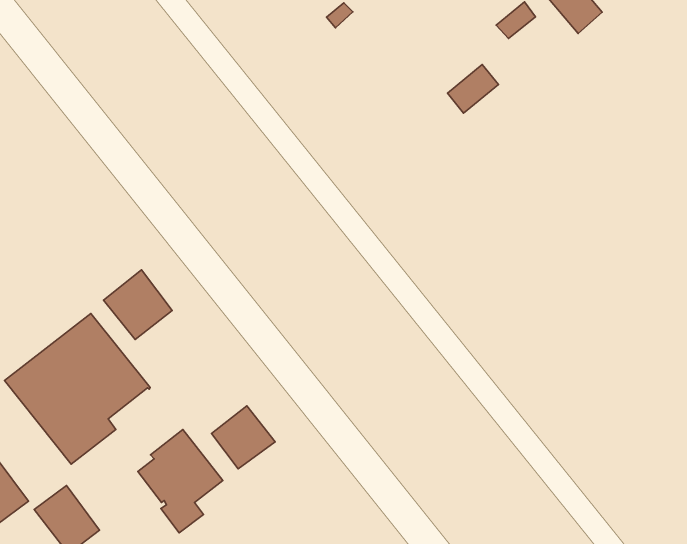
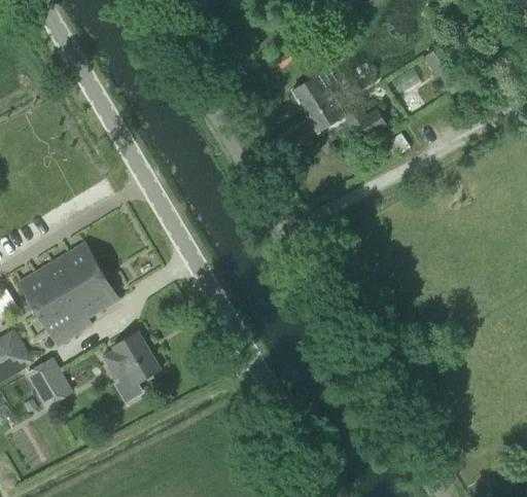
building: none -> [291,68,345,133]
building: [104,270,172,339] -> none
building: [211,406,275,469] -> none

